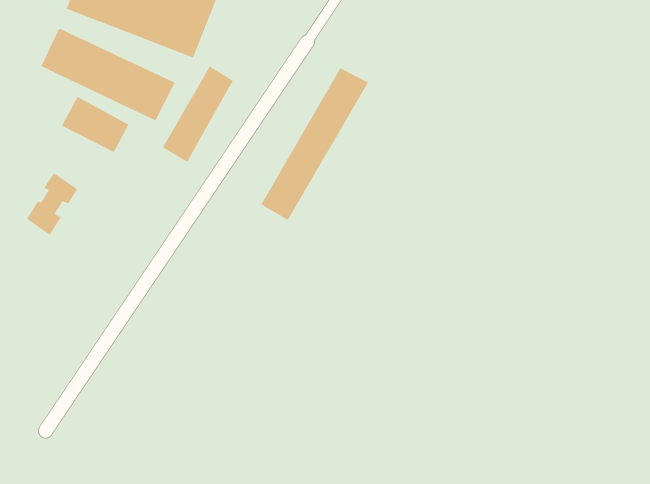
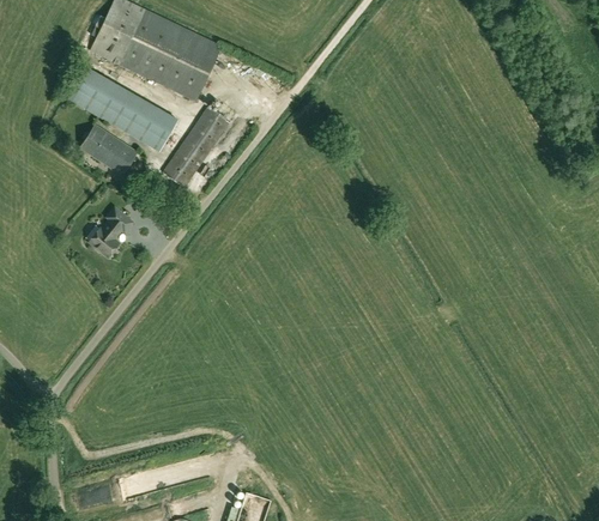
building: [260,67,369,221] -> none
building: [26,173,78,235] -> [89,205,134,258]

